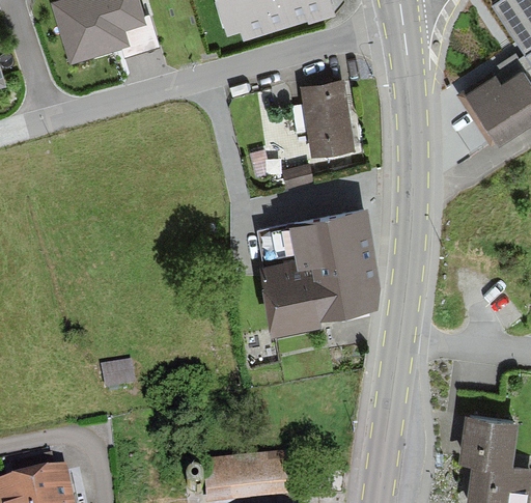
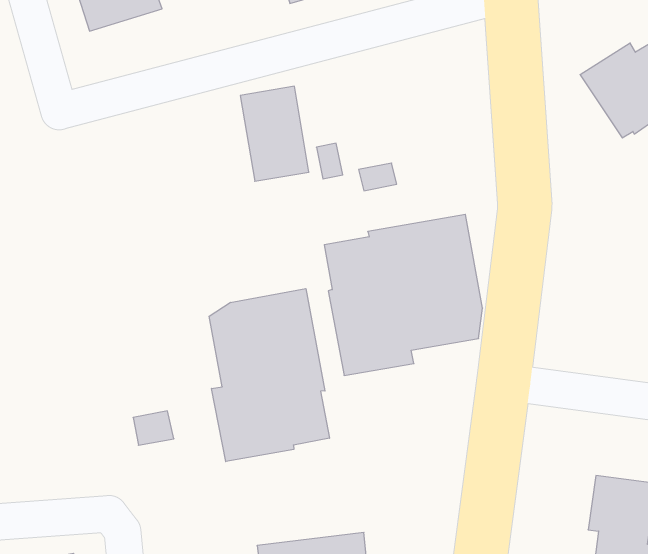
building: [301,78,355,152] -> [240,86,309,181]
building: none -> [209,289,329,462]

